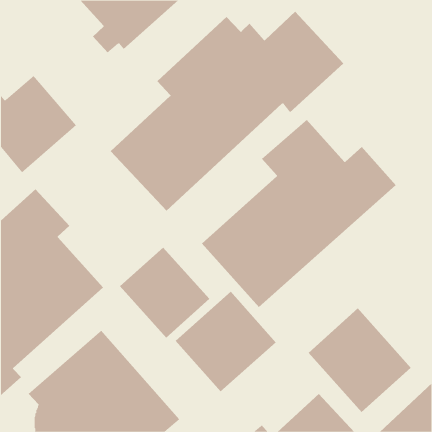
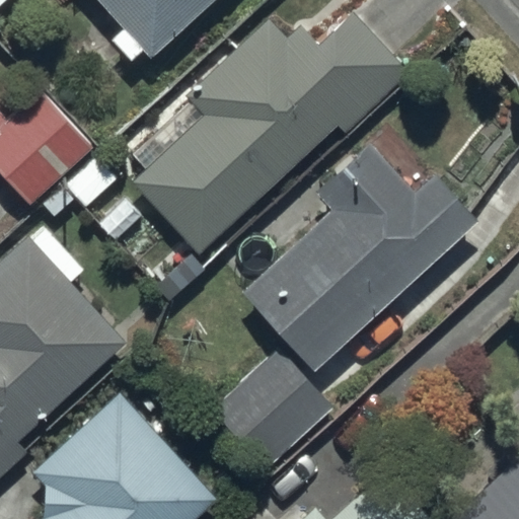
building: [119,247,210,338] -> none
building: [308,308,411,413] -> none

